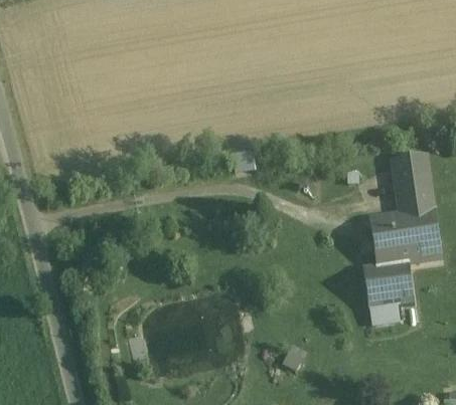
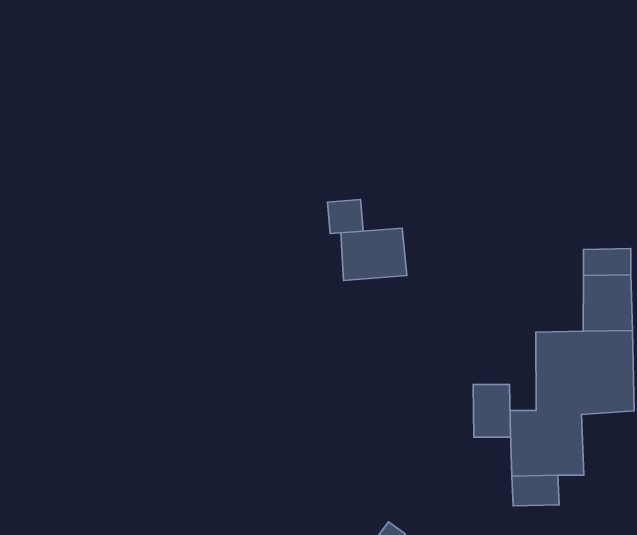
building: none -> [341,228,407,280]
building: none -> [473,384,510,437]

